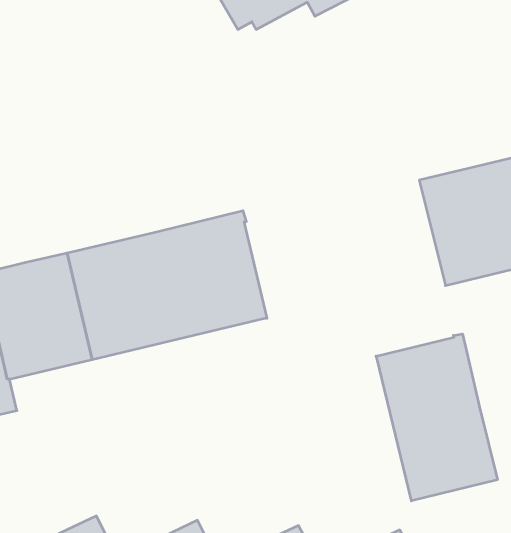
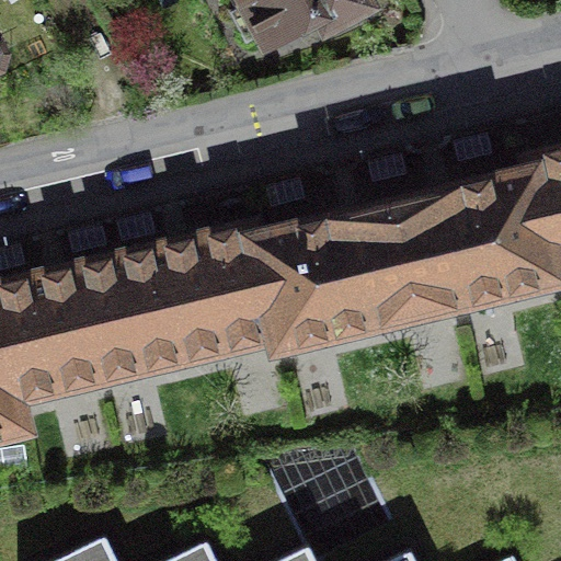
building: none -> [253,203,456,353]
building: [376,334,497,501] -> none

